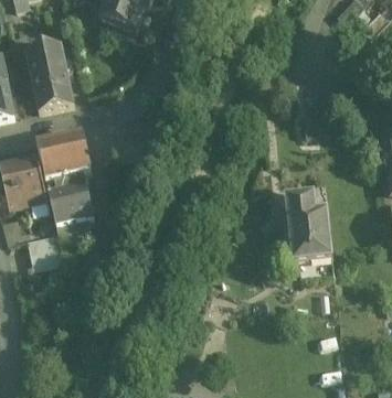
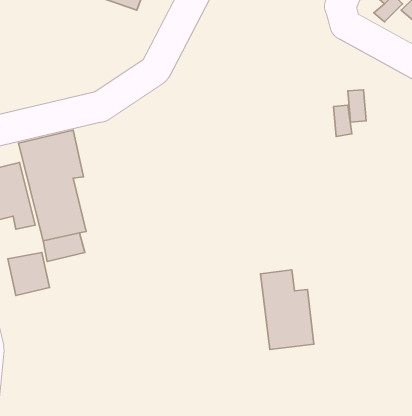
building: [30,44,73,108] -> none
building: [286,193,331,260] -> [261,270,314,349]

